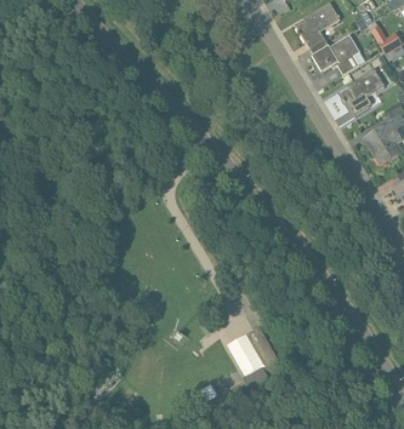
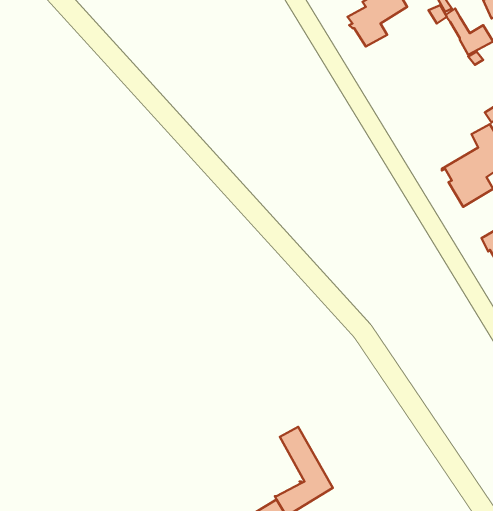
building: [309,33,360,73] -> none
building: [341,67,385,113] -> none

